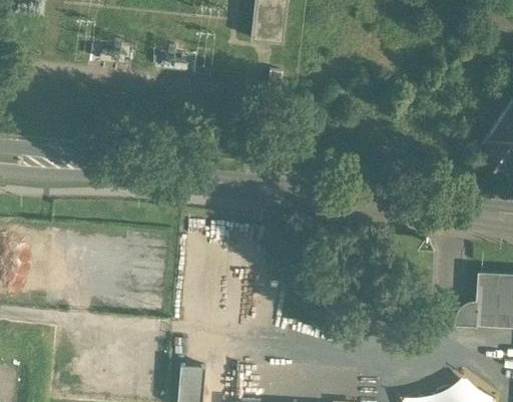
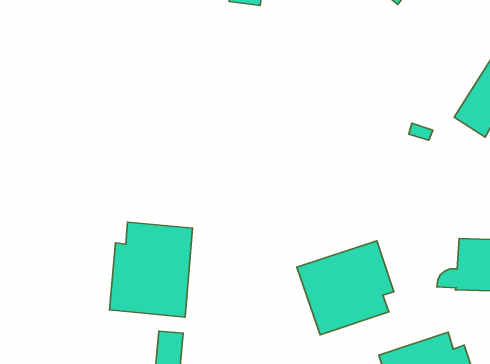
building: none -> [109,222,193,317]
building: none -> [297,241,394,335]

